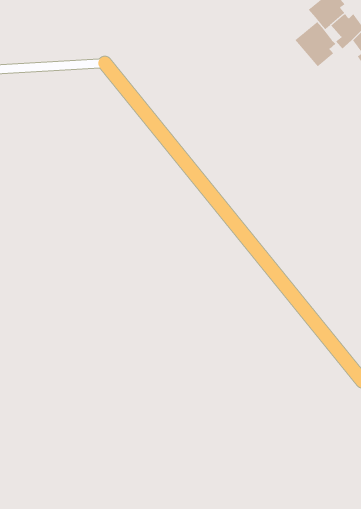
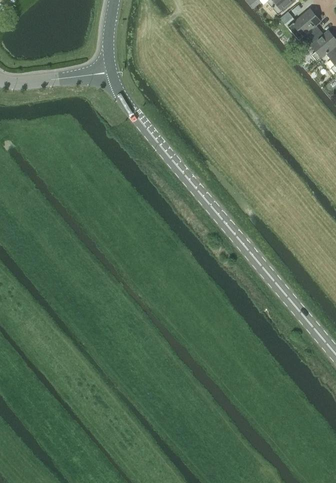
building: [295,21,336,67] -> none

